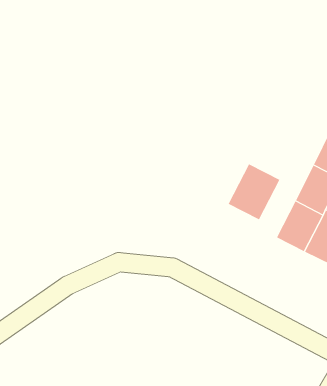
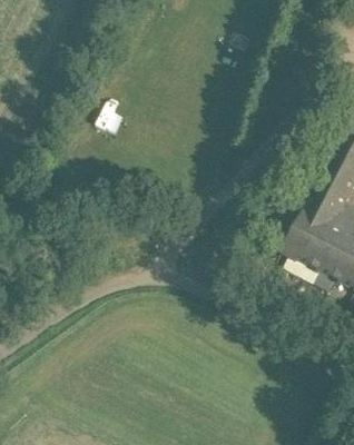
building: [228,164,280,220] -> none

